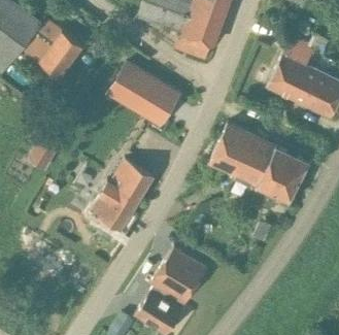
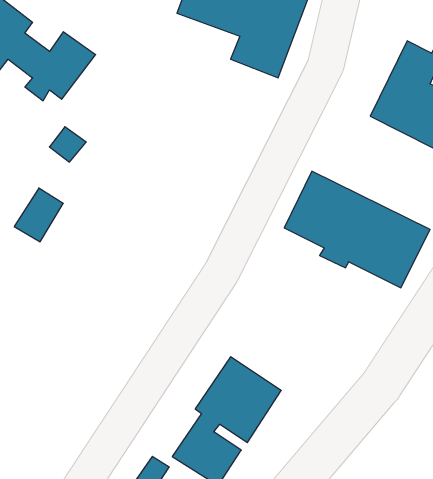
building: [120,70,190,130] -> none
building: [94,160,154,229] -> none

